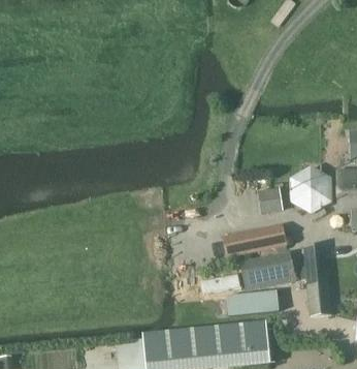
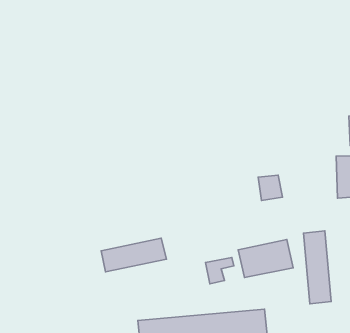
building: [289,165,334,207] -> none
building: [222,224,286,257] -> [101,238,167,272]
building: [226,290,277,315] -> none

